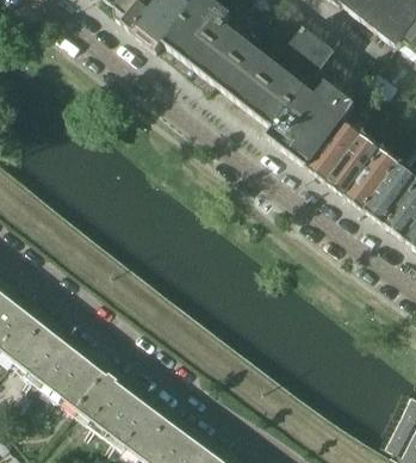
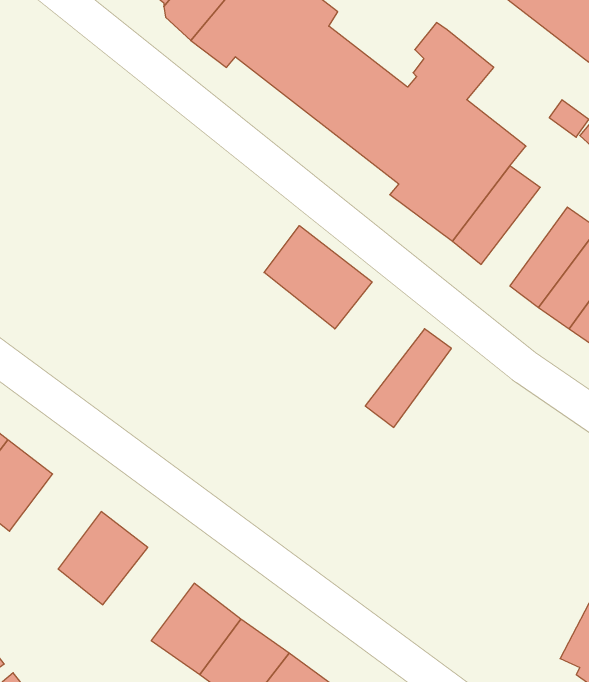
building: [325,130,383,196] -> [365,329,451,427]
building: none -> [264,226,372,329]
building: [12,321,73,384] -> none
building: [74,370,135,432] -> none

